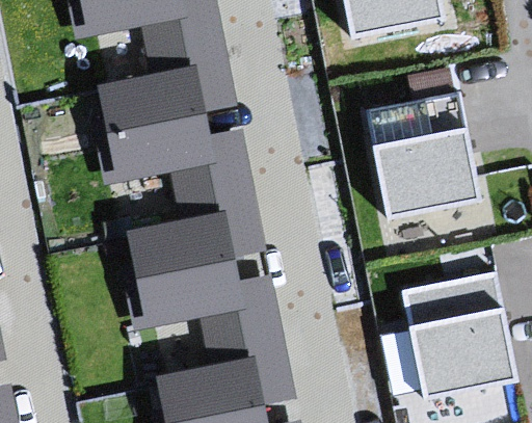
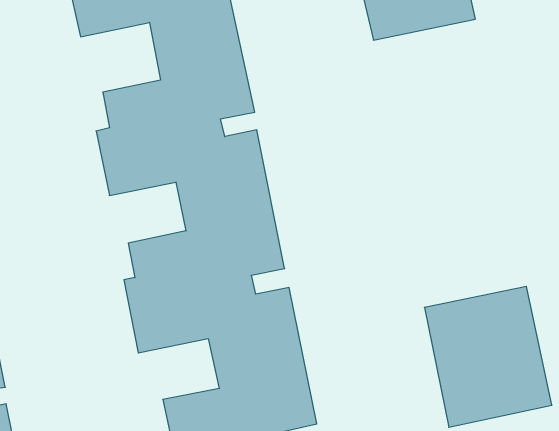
building: [362,89,481,221] -> none

